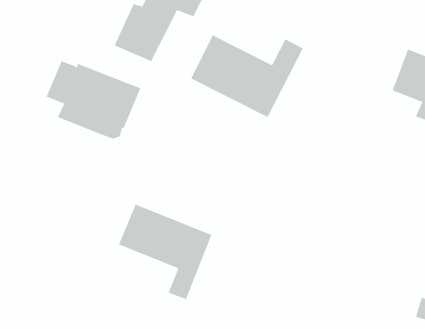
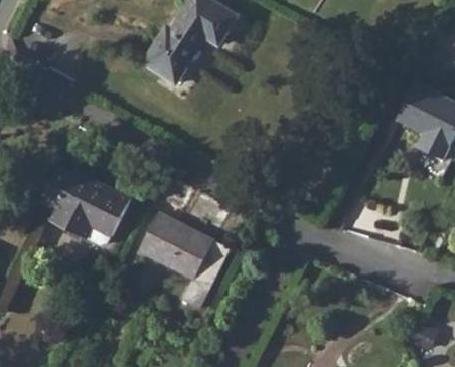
building: [191,35,303,118] -> none
building: [46,60,141,139] -> [38,167,129,245]

